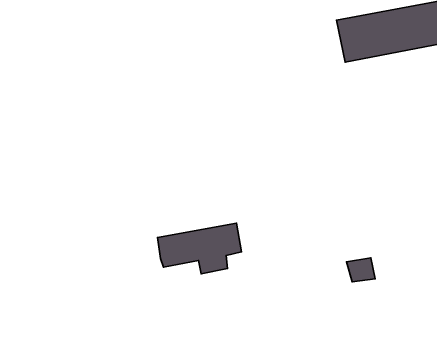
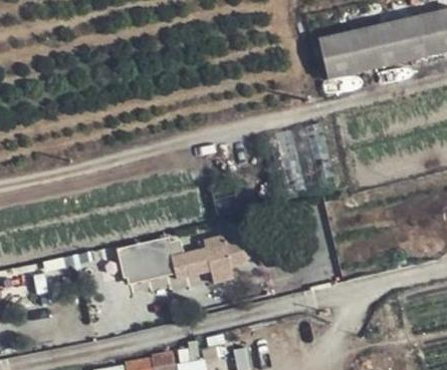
building: none -> [115,236,171,282]

